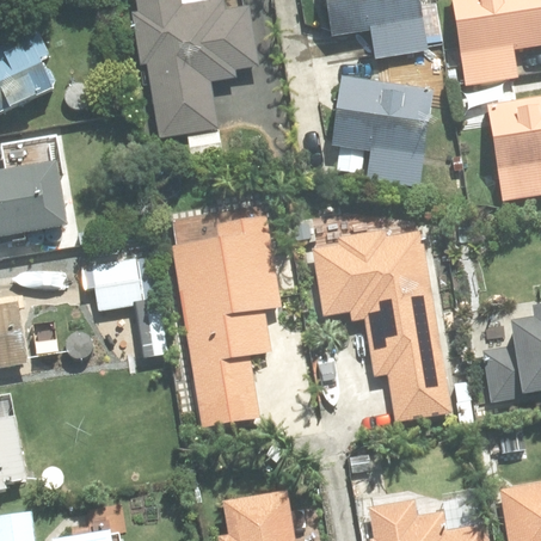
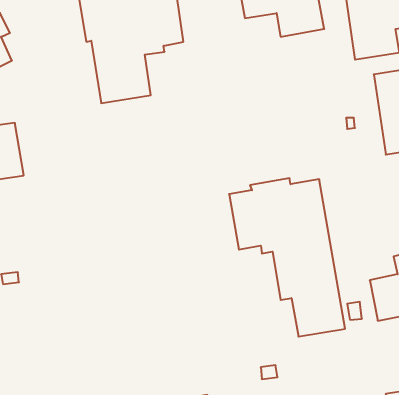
building: [332,75,434,186] -> none
building: [172,214,279,426] -> none
building: [92,258,143,308] -> none

